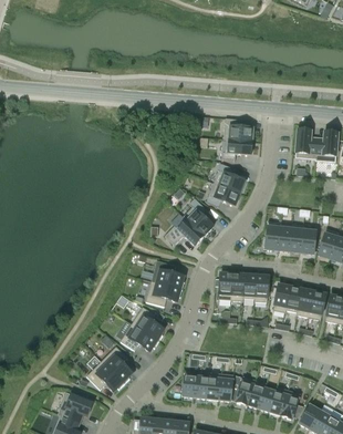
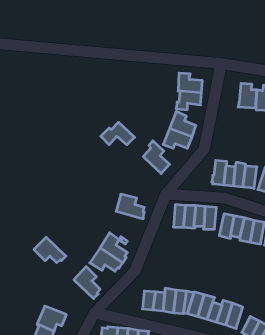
building: [164,218,204,245] -> [101,122,135,145]
building: [145,280,183,306] -> none
building: [86,361,124,391] -> [34,237,66,263]

